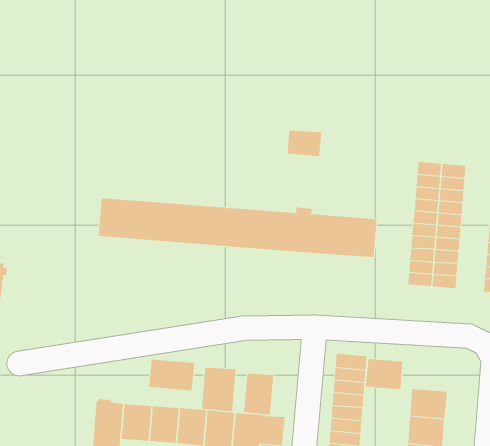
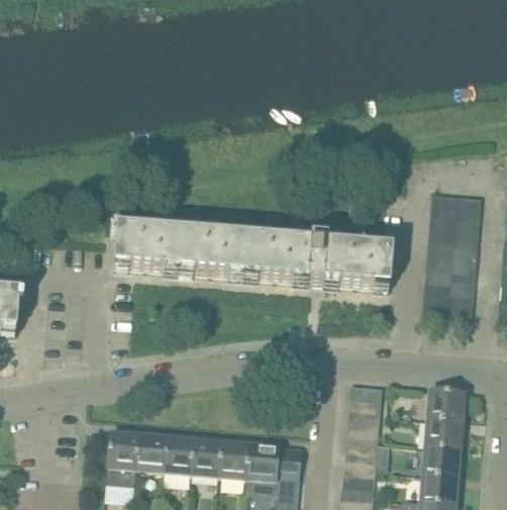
building: [287,129,322,157] -> none
building: [365,358,403,390] -> [427,390,466,421]
building: [148,359,195,391] -> none
building: [201,367,236,412] -> none
building: [244,373,274,416] -> none

